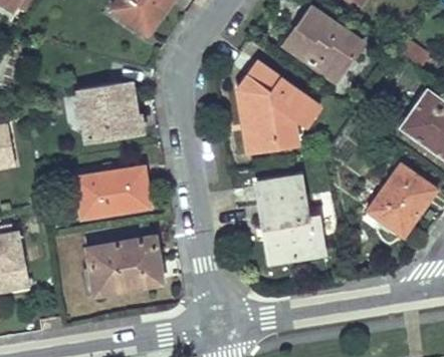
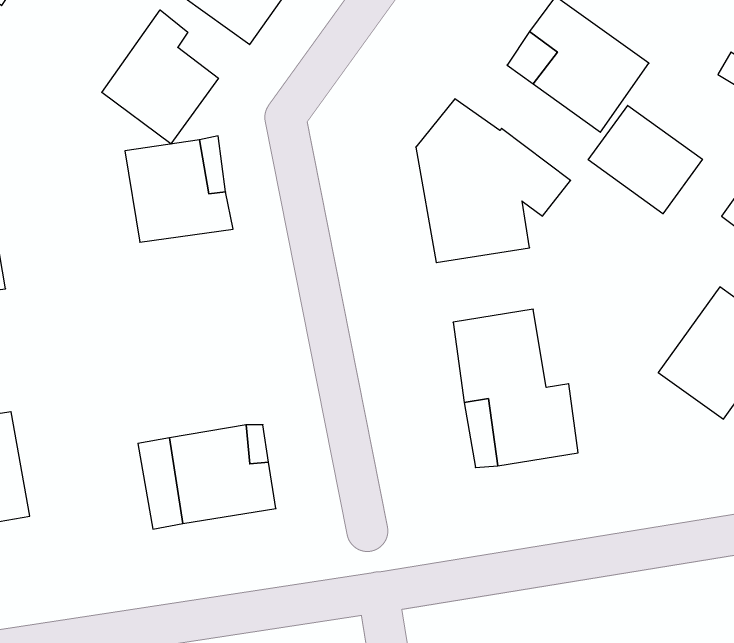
building: none -> [102,10,218,144]
building: none -> [588,105,702,214]
building: [76,167,150,218] -> none

